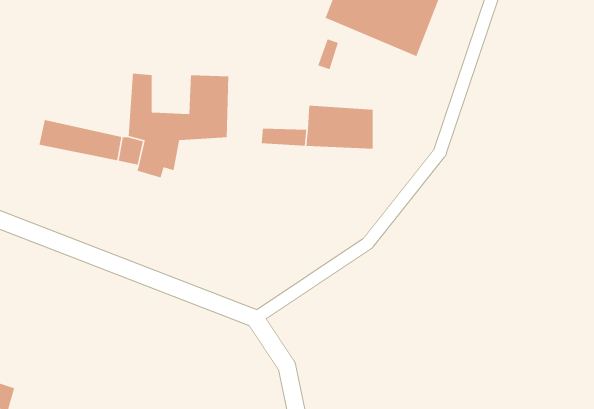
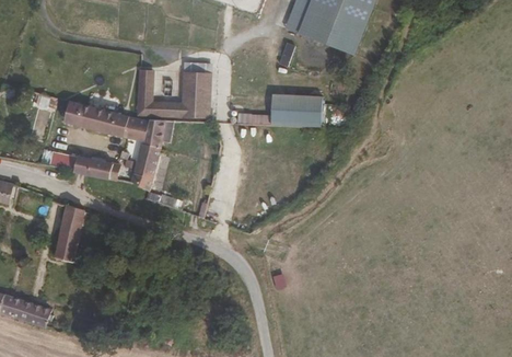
building: none -> [131,143,160,198]
building: none -> [56,156,115,184]
building: none -> [53,204,81,257]

